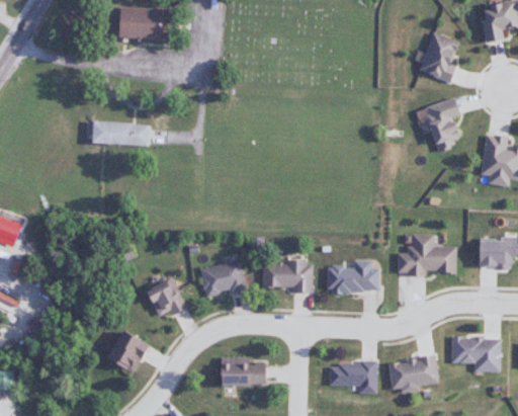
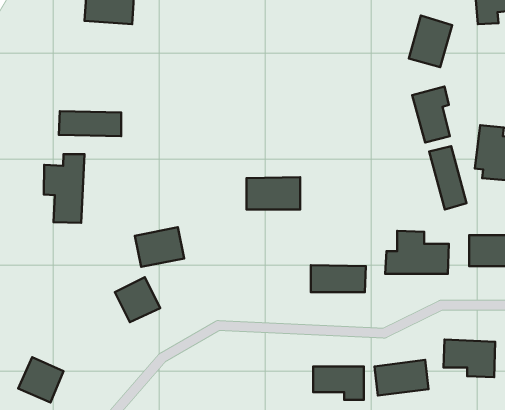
building: none -> [429,146,466,210]
building: none -> [44,154,85,223]
building: [200,260,247,298] -> [135,227,184,267]
building: [263,260,314,290] -> [246,177,300,209]
building: [104,332,147,375] -> [18,357,63,402]
building: [219,357,268,386] -> none

